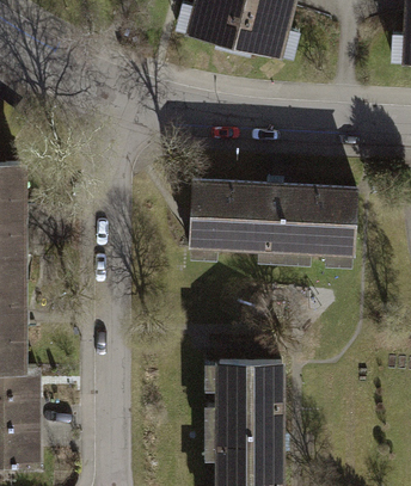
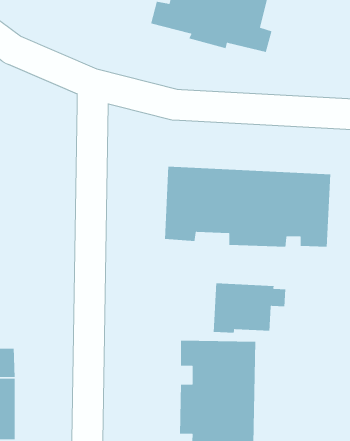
building: none -> [213,283,286,333]

